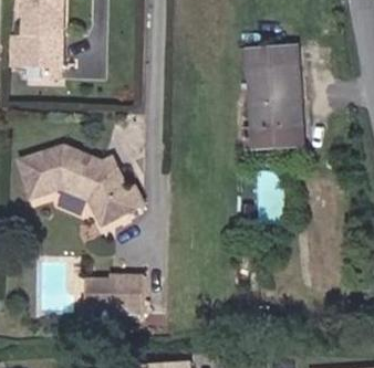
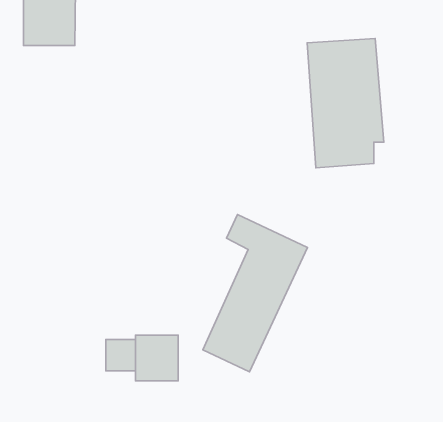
building: [21,147,141,229] -> none
building: none -> [203,215,308,372]

